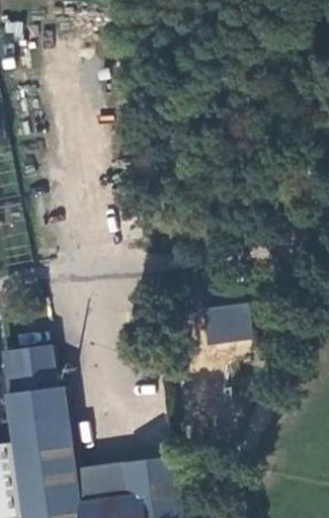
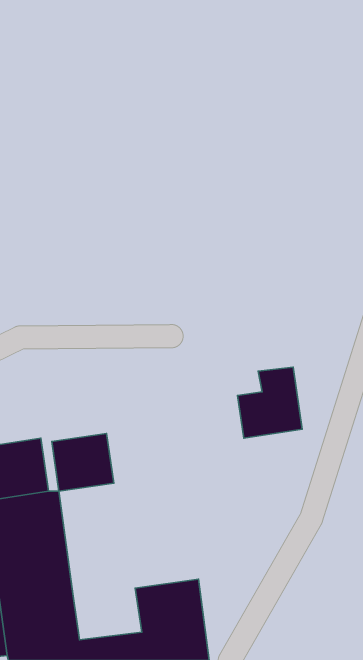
building: none -> [52,433,114,491]
building: [75,460,129,501] -> none

